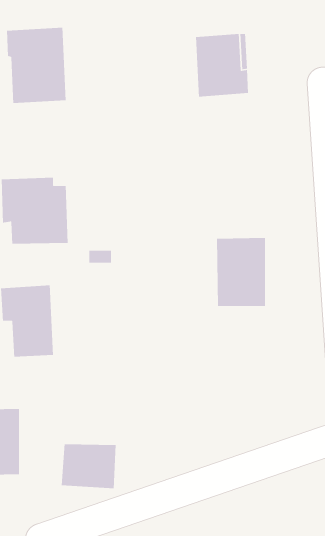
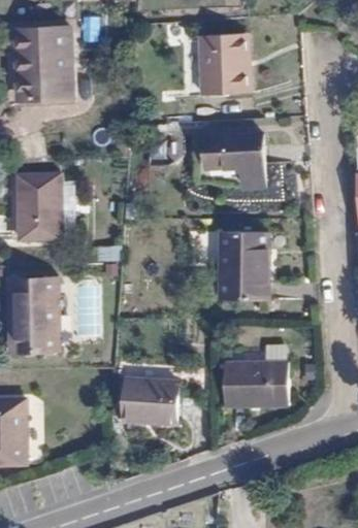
building: none -> [204,132,265,188]
building: none -> [223,362,289,407]
building: [61,444,117,489] -> [123,380,177,424]

